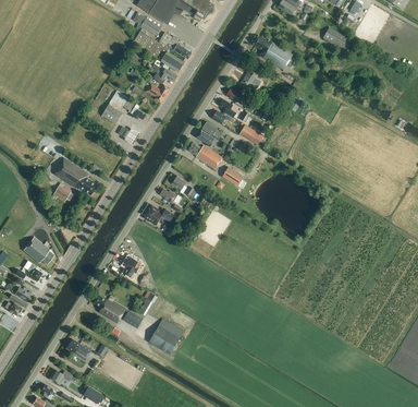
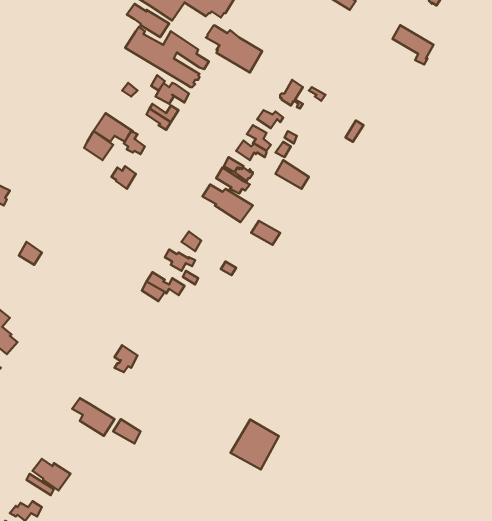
building: [253,35,293,69] -> [206,25,262,72]
building: [54,157,98,194] -> none
building: [149,318,184,354] -> [230,420,279,470]

